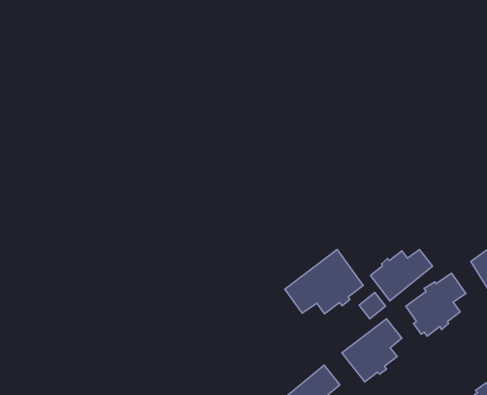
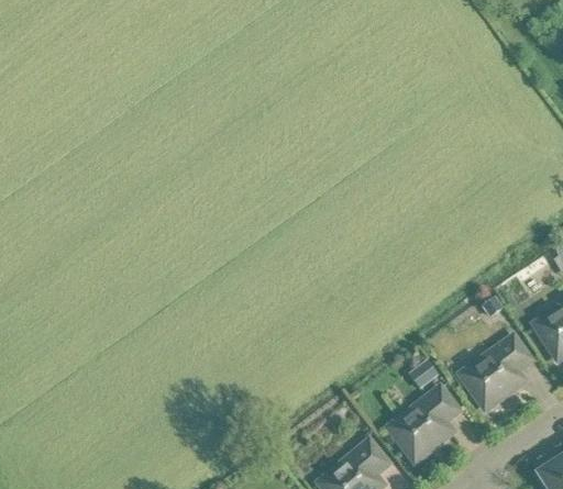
building: [285,249,363,314] -> none
building: [370,249,432,301] -> none

